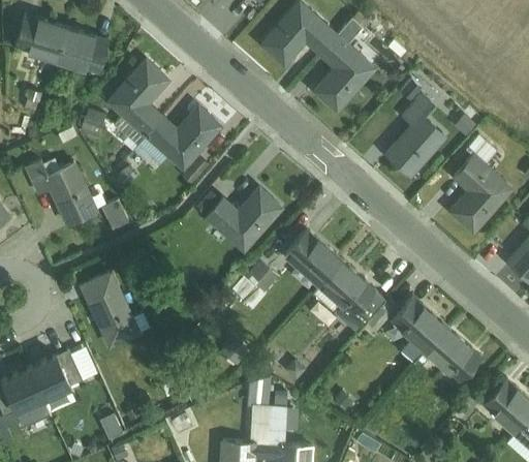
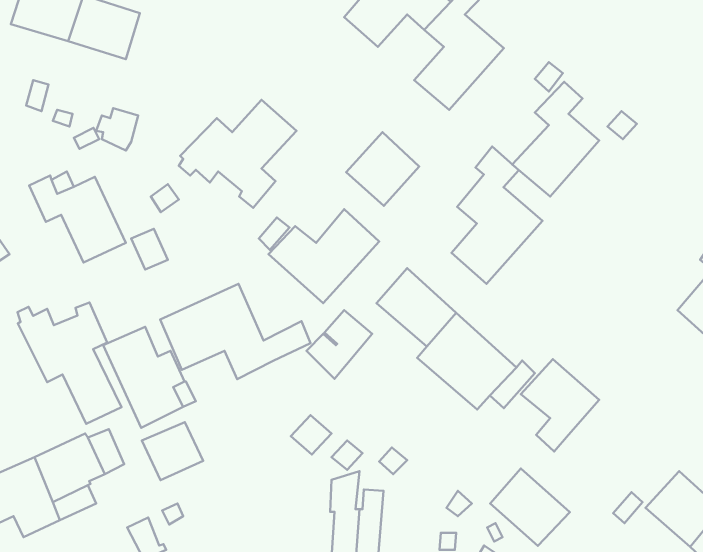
building: [105,58,172,153] -> none
building: none -> [346,132,419,206]
building: [447,132,515,234] -> [452,146,543,284]
building: none -> [160,284,311,379]
building: none -> [17,303,121,424]
building: [425,327,484,383] -> [490,469,570,546]
building: none -> [142,422,203,480]

